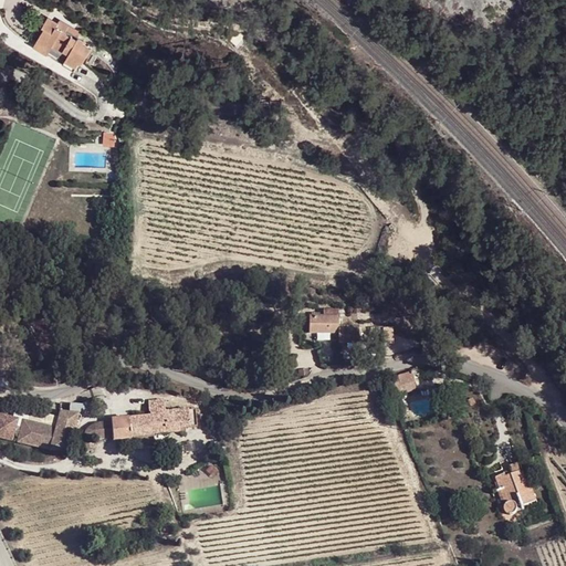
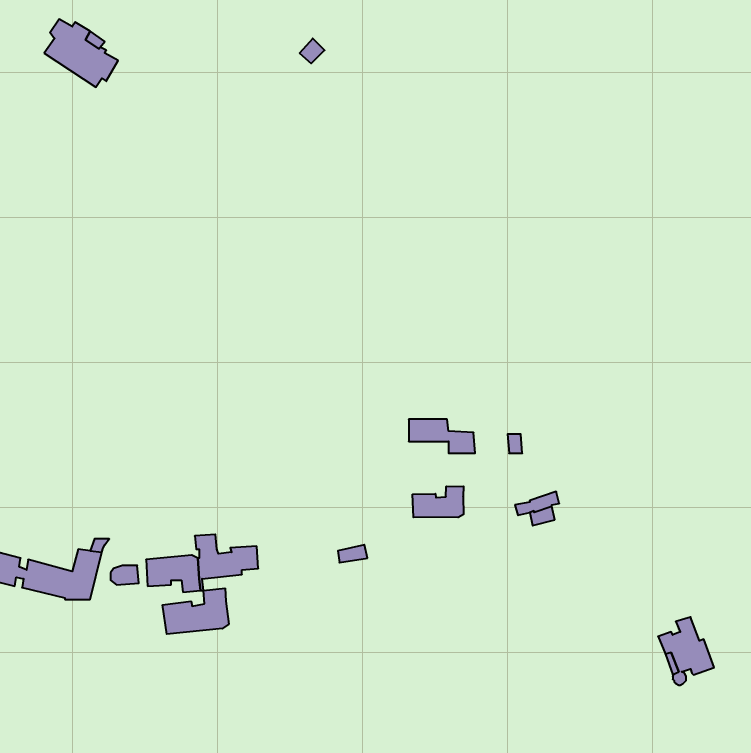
building: none -> [413,486,464,517]
building: none -> [163,588,229,634]

